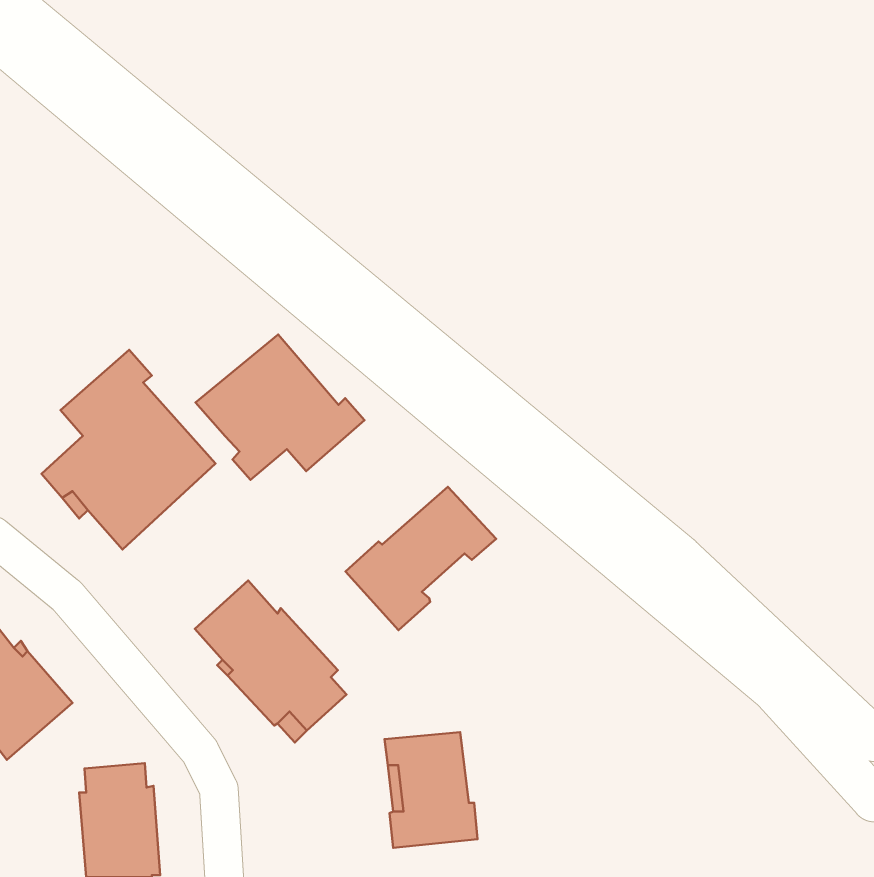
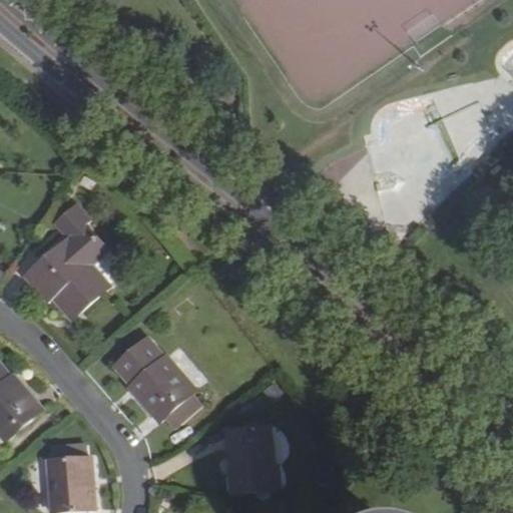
building: [195,334,365,480] -> none
building: [346,487,496,630] -> none

